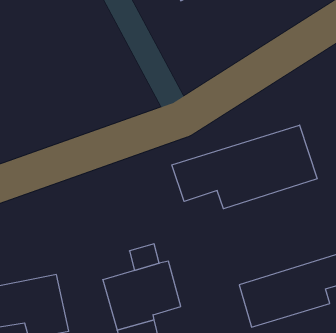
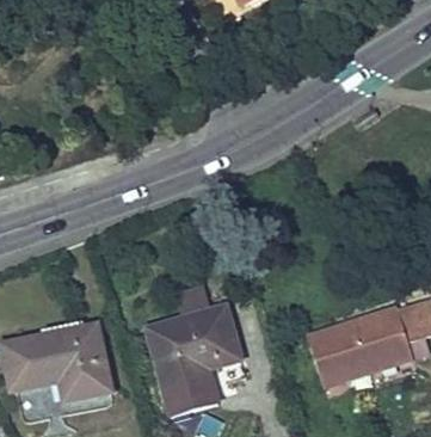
building: [172,125,317,209] -> none

